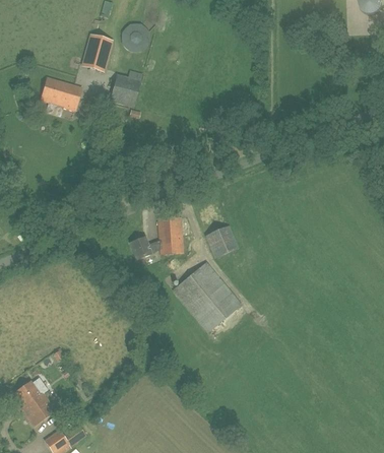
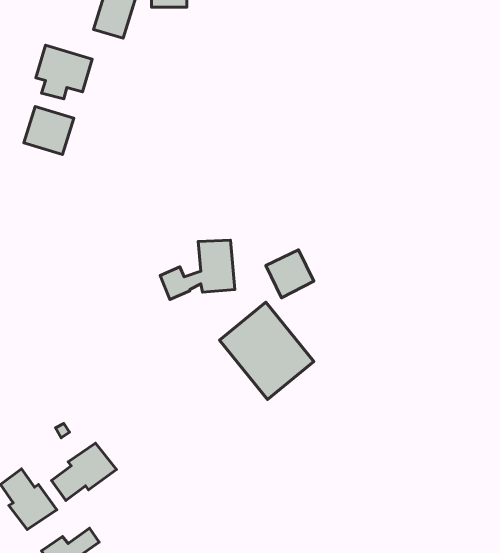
building: [109,72,141,107] -> none
building: none -> [24,106,74,154]
building: none -> [52,443,116,501]

